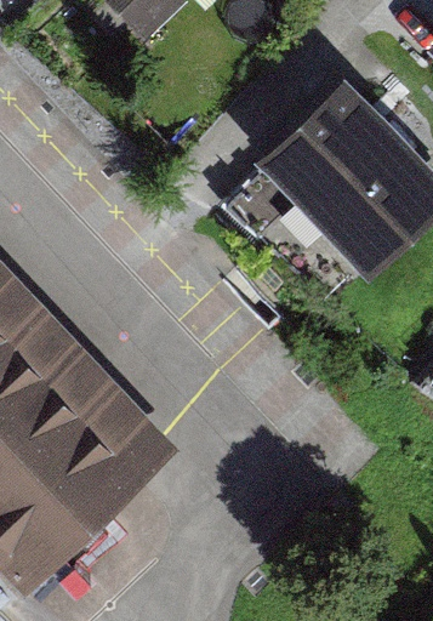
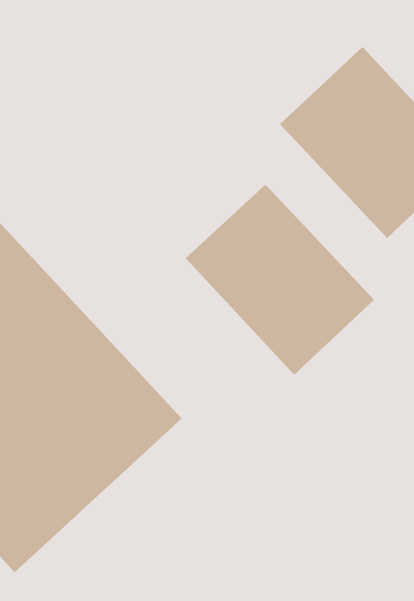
building: none -> [185,184,375,375]

